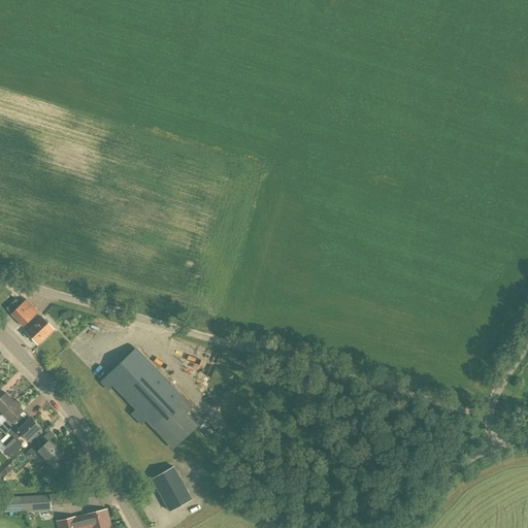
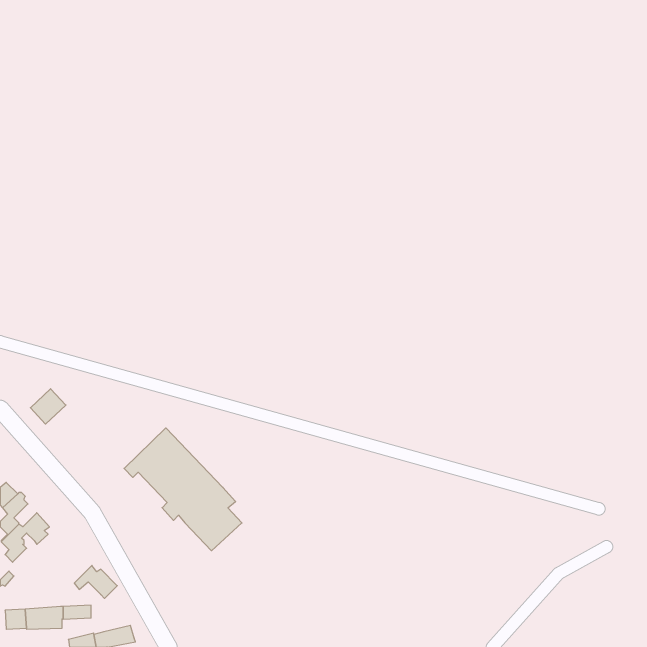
building: [6,299,38,327] -> none
building: [27,438,62,465] -> [74,565,117,598]
building: [154,465,194,510] -> none

